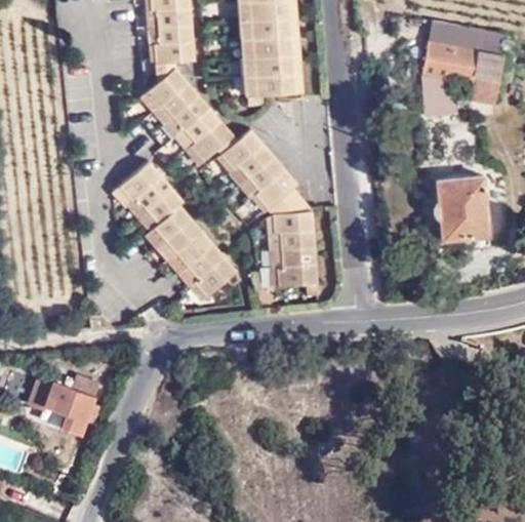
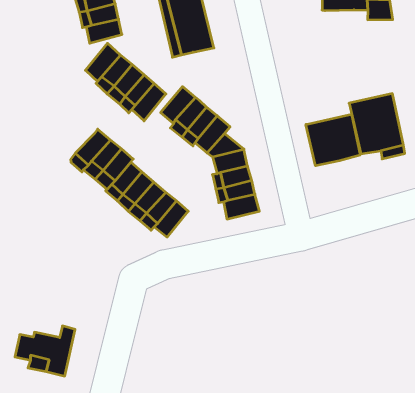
building: [422,76,458,113] -> none
building: none -> [306,114,360,166]

